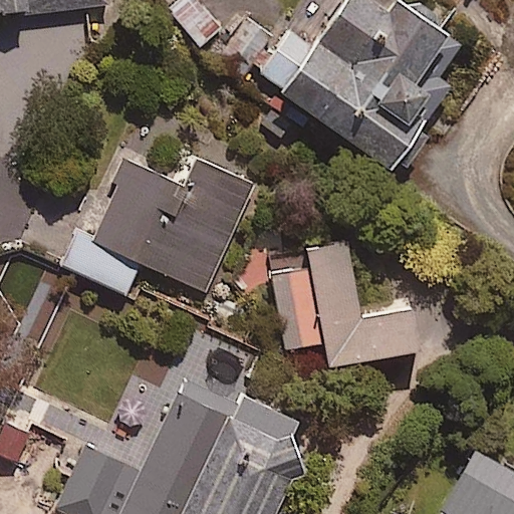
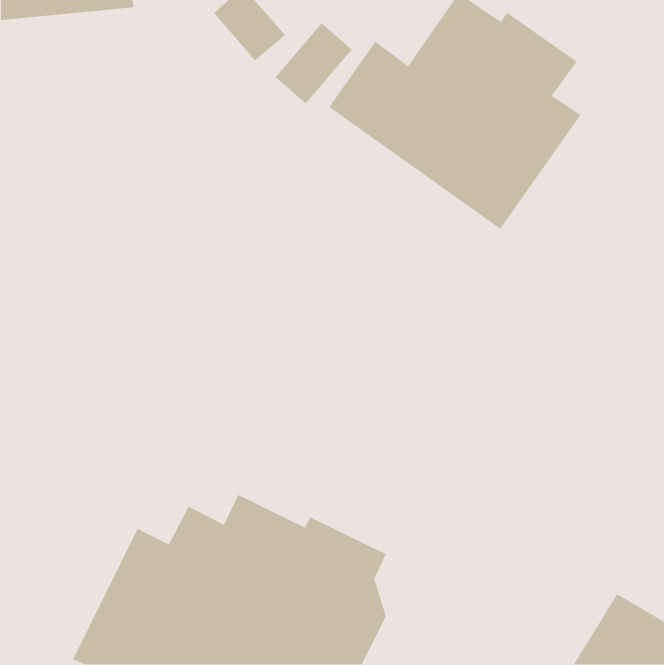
building: [65,162,254,294] -> none
building: [249,236,419,359] -> none

